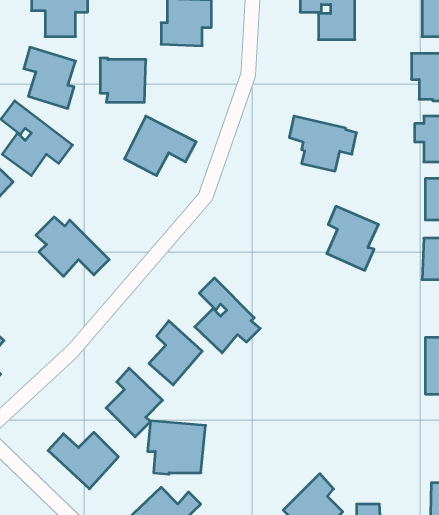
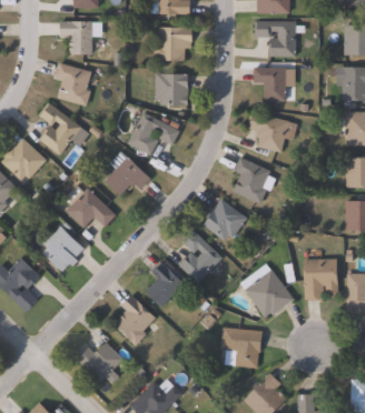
building: none -> [253,67,295,101]
building: [100,58,146,102] -> [156,73,189,105]
building: none -> [105,151,151,197]
building: [327,206,379,270] -> [234,158,272,204]
building: none -> [204,199,248,241]
building: none -> [42,226,85,272]
building: none -> [304,259,344,301]
building: none -> [240,264,295,319]
building: [148,421,206,474] -> [220,328,263,366]

